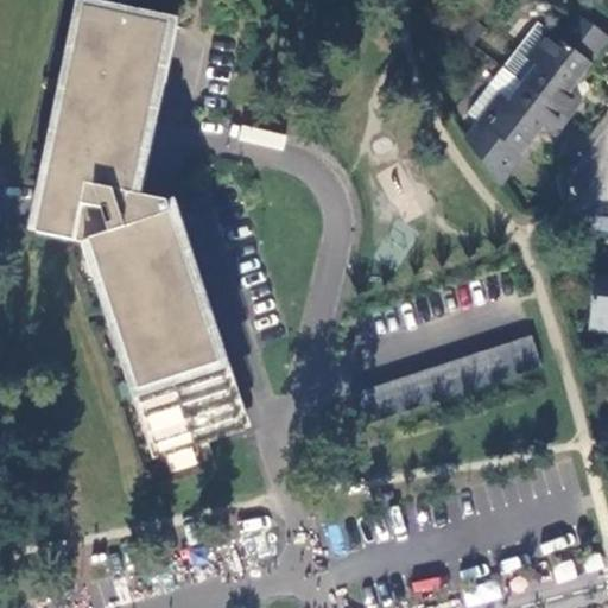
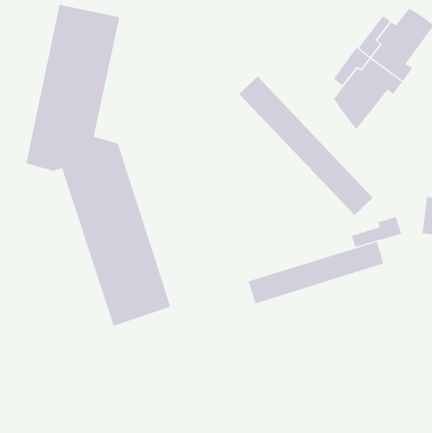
building: none -> [238,75,373,216]
building: none -> [351,216,401,247]

